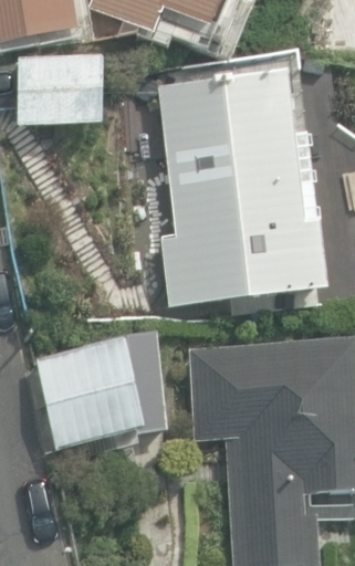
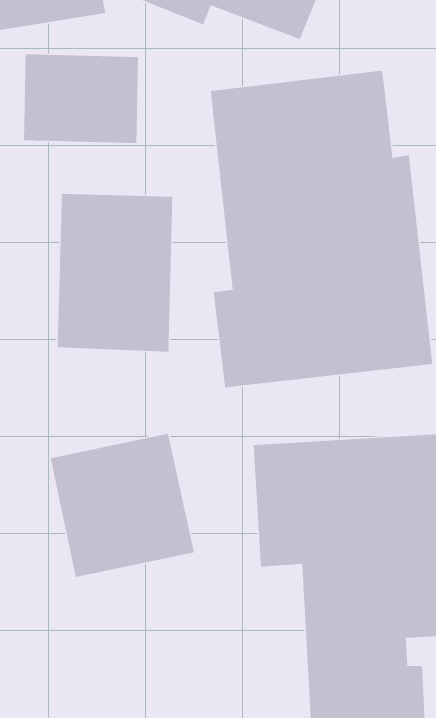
building: none -> [57,193,173,353]

